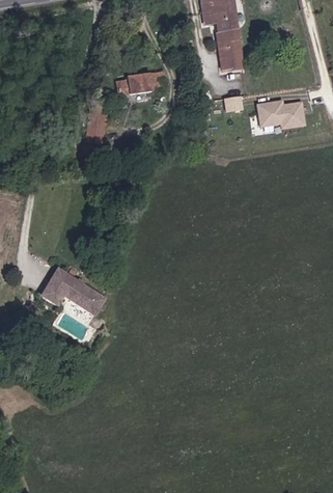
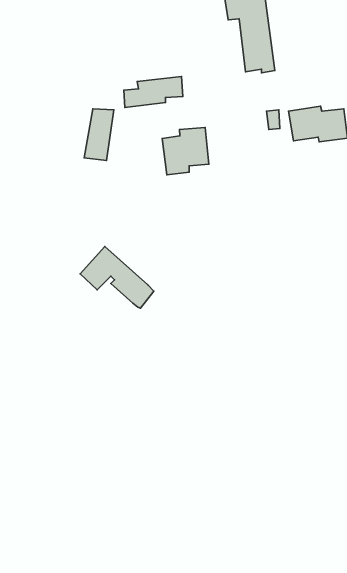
building: none -> [162,127,209,175]
building: [41,268,104,320] -> [80,247,154,308]

